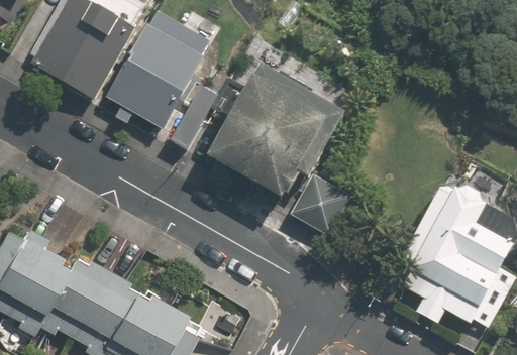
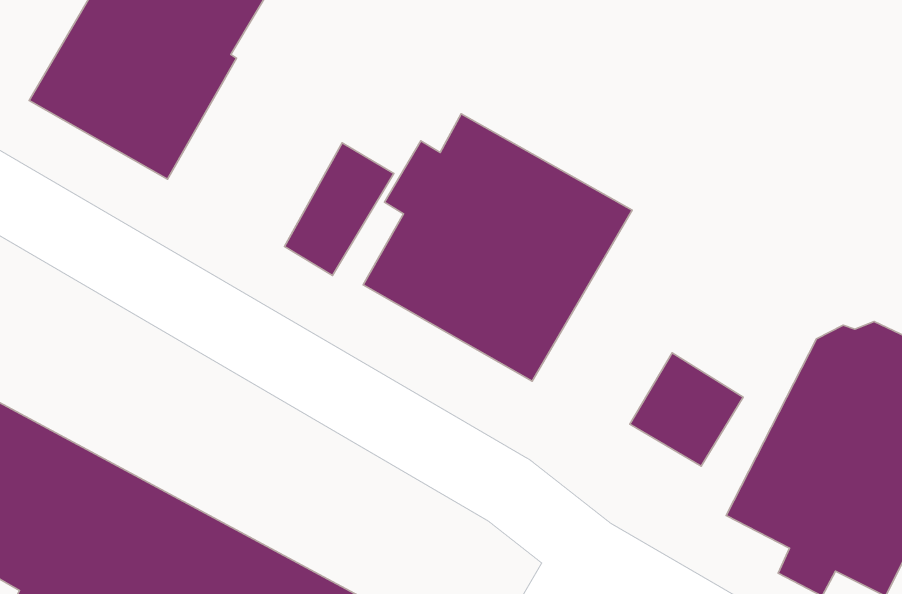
building: [104,14,208,133] -> none
building: [292,174,351,234] -> [630,353,743,466]

